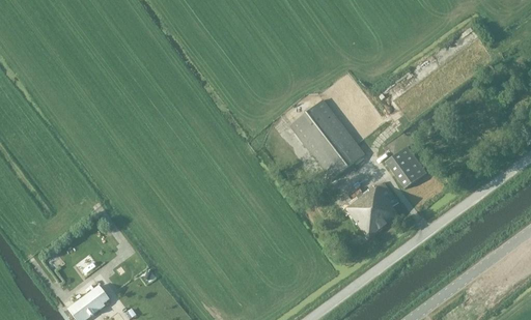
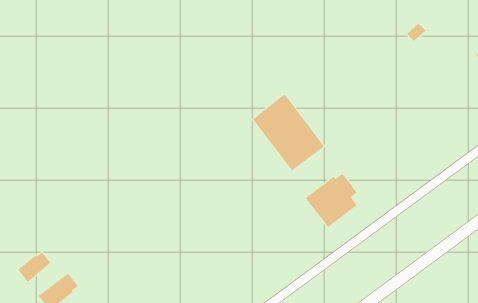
building: [385,145,427,188] -> none
building: none -> [17,252,51,283]

